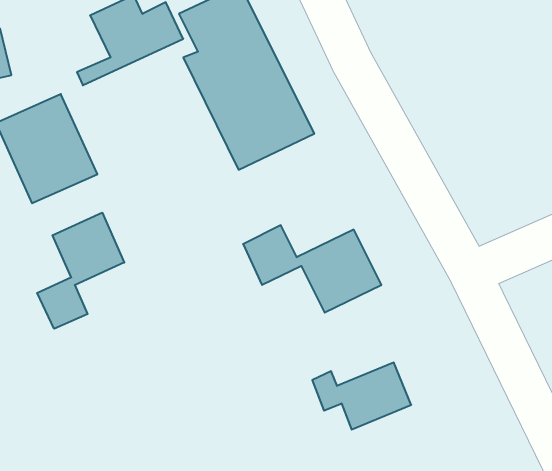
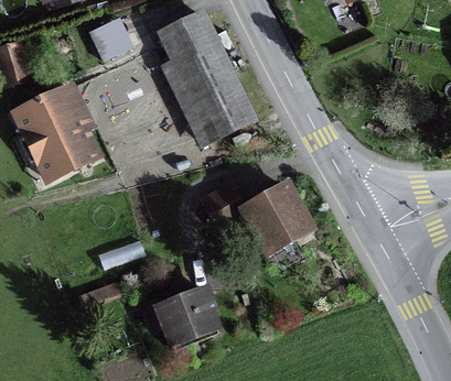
building: [37,213,124,329] -> none
building: [312,363,411,430] -> [141,295,216,346]

